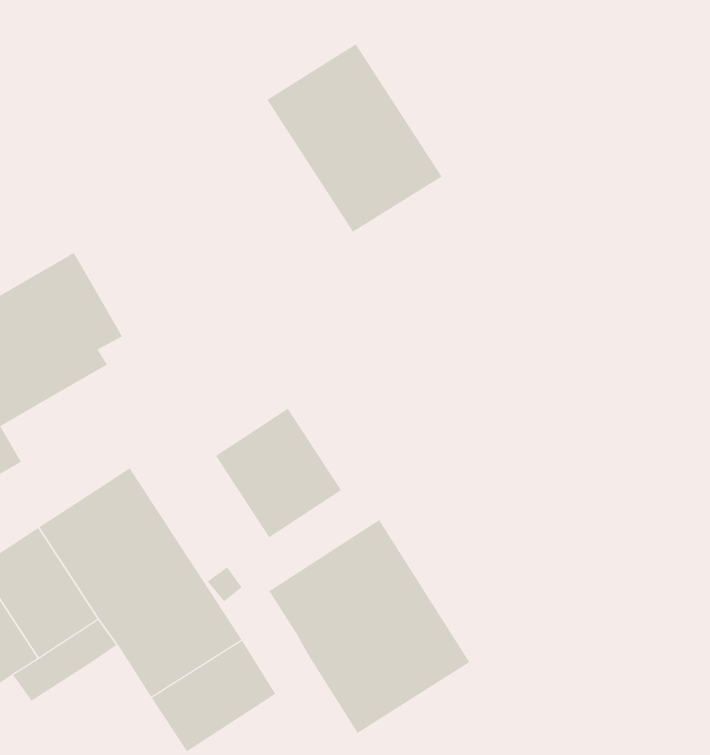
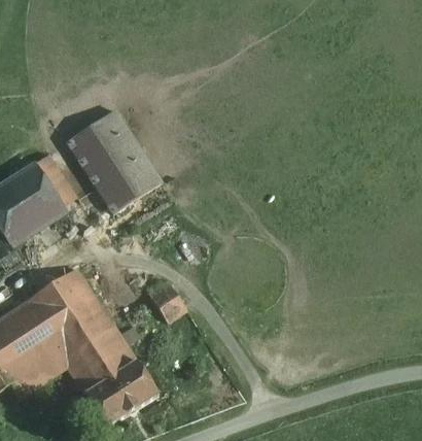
building: [266,44,442,233] -> [63,106,160,210]
building: [215,408,342,538] -> none
building: [268,519,470,734] -> none

